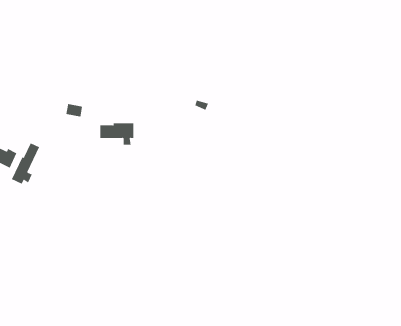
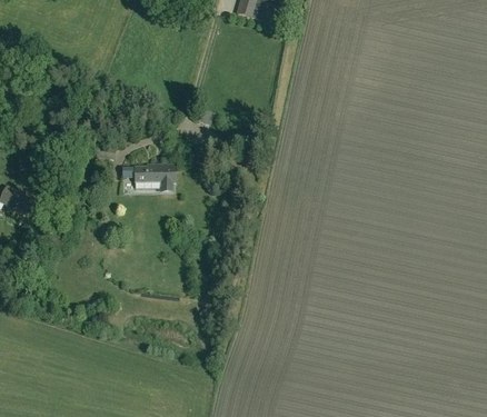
building: [11,142,40,185] -> none

